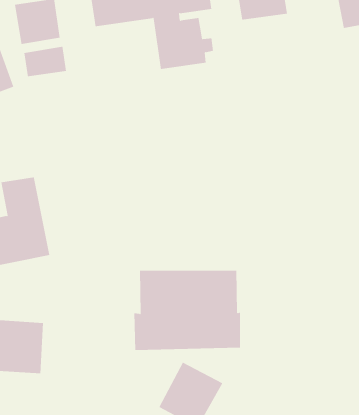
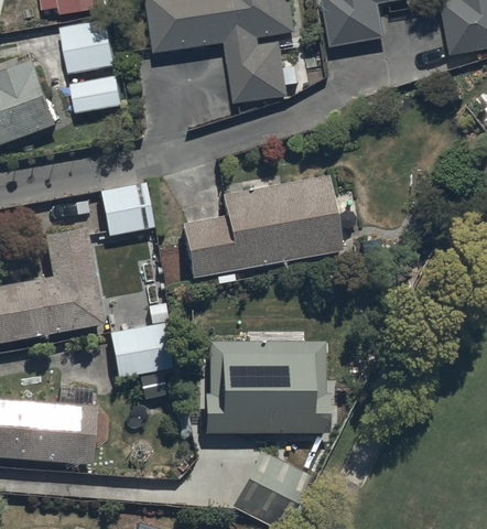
building: none -> [182,175,340,284]
building: none -> [100,181,152,235]
building: none -> [107,301,172,379]

